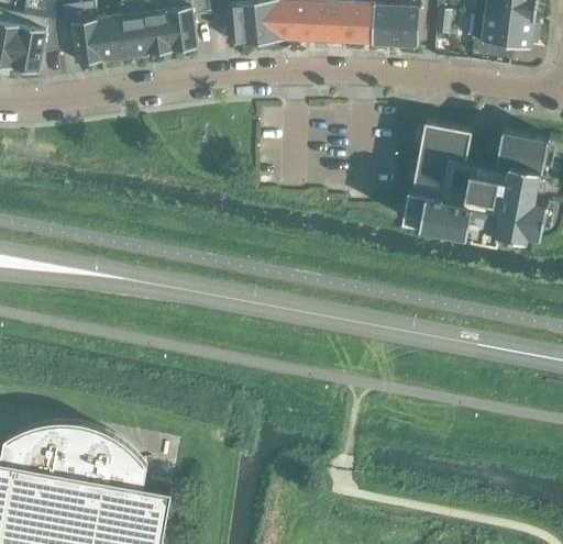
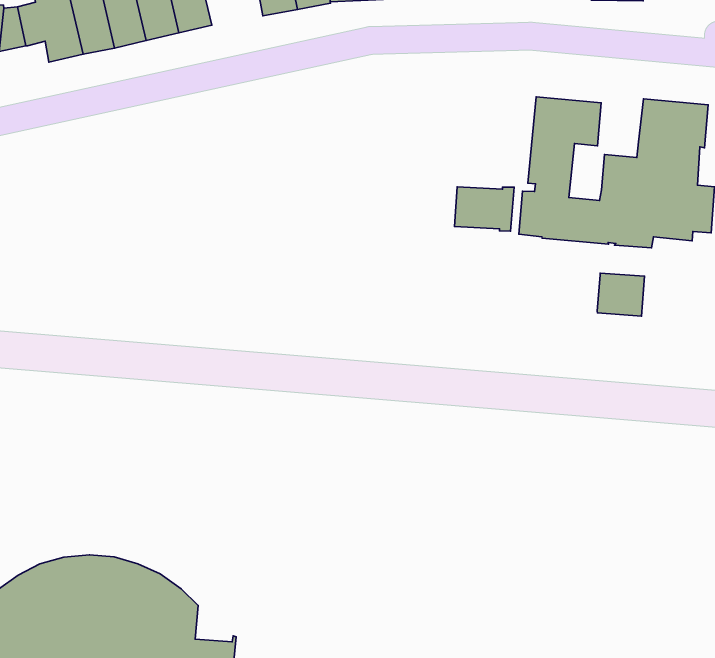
building: none -> [454,187,514,231]
building: none -> [597,273,645,316]

